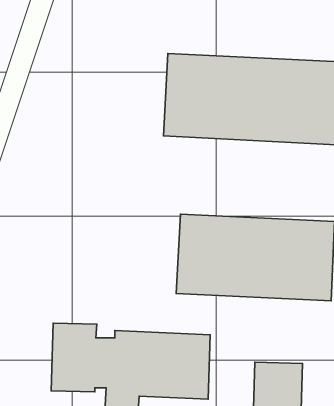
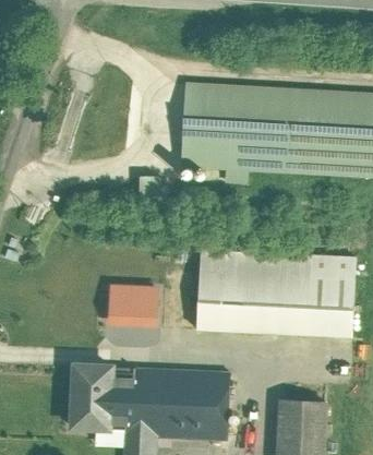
building: none -> [117,285,167,327]

